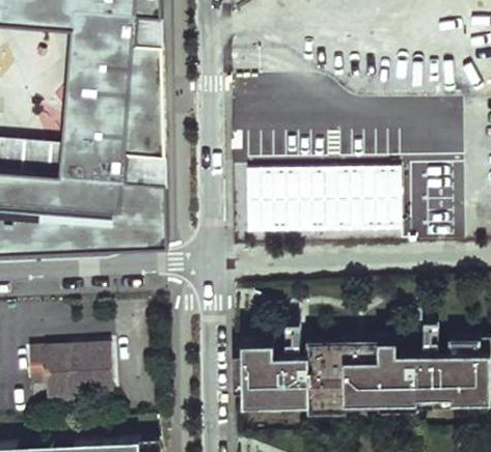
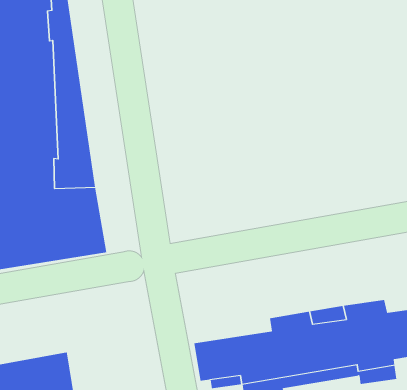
building: [245,169,402,236] -> none

